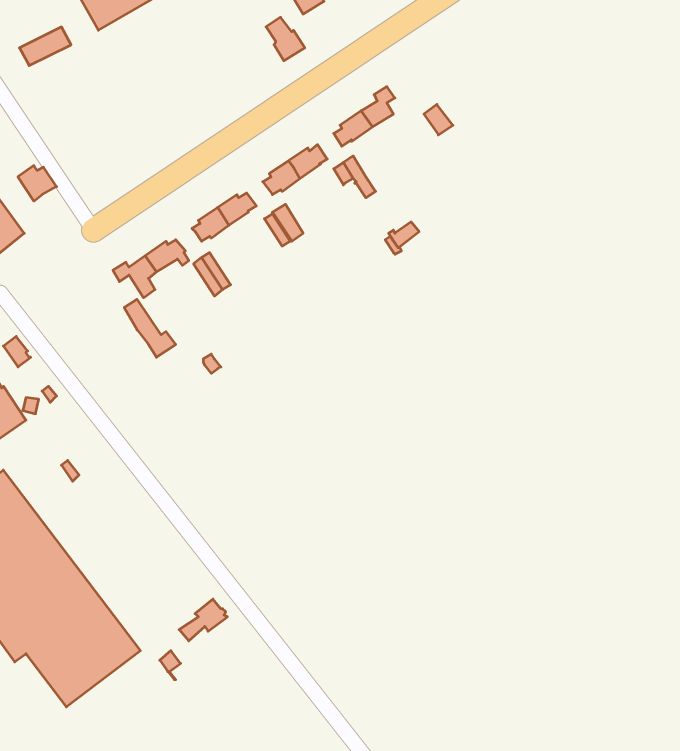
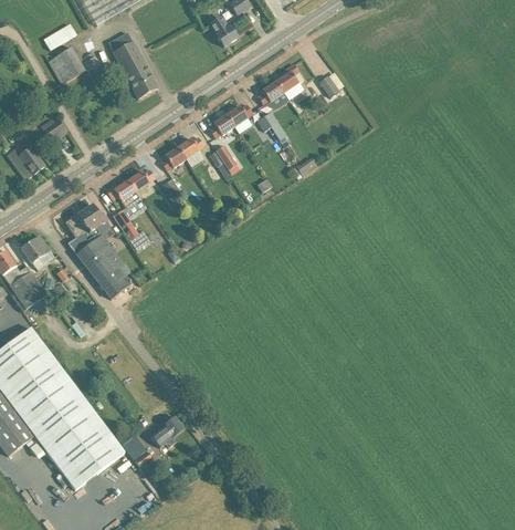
building: none -> [108,33,157,97]
building: none -> [48,46,101,83]
building: none -> [64,204,129,298]

